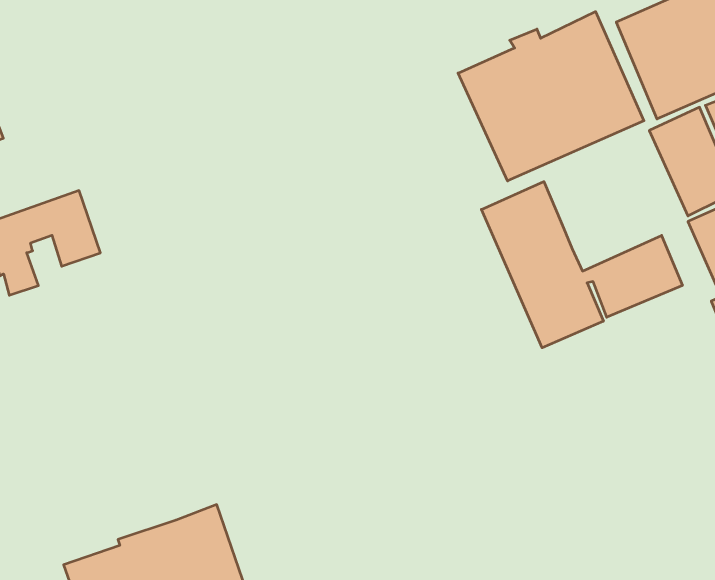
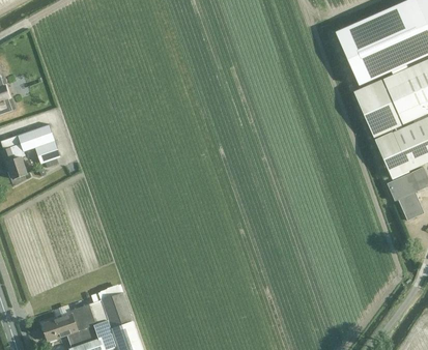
building: [458,12,644,181] -> none
building: [481,182,682,348] -> none

